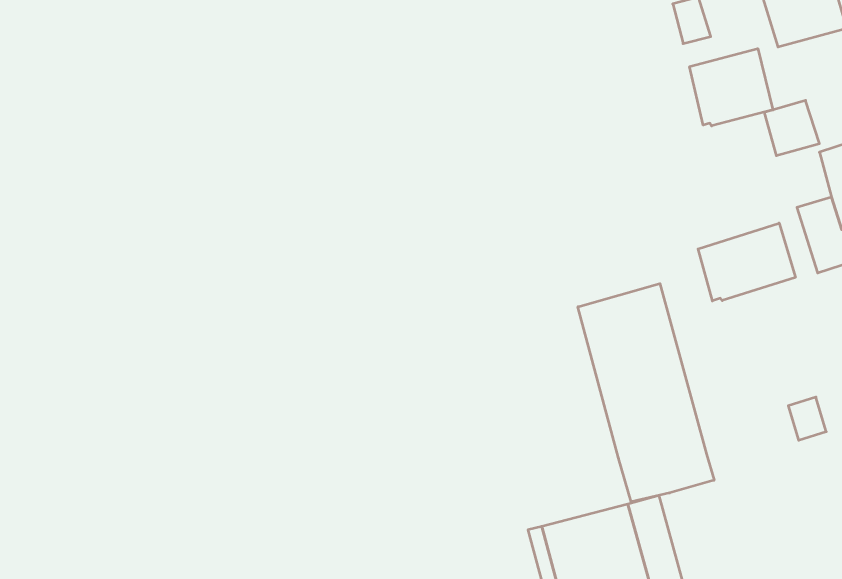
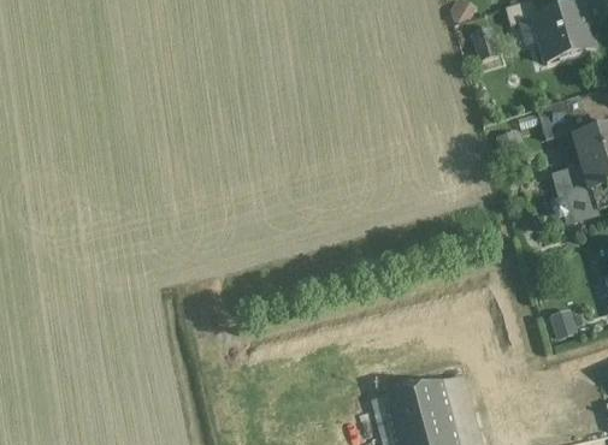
building: [690,49,773,126] -> none
building: [698,223,795,301] -> none
building: [578,284,714,502] -> none

